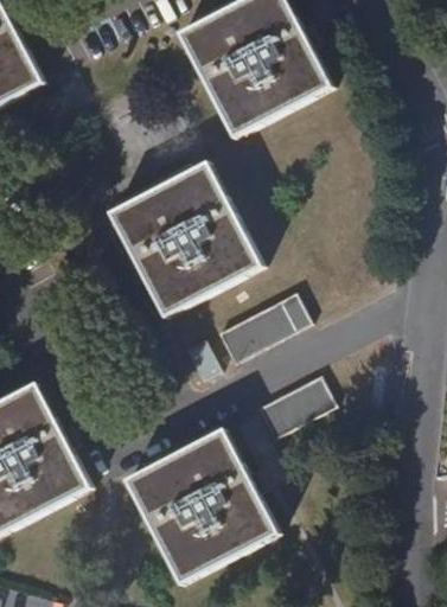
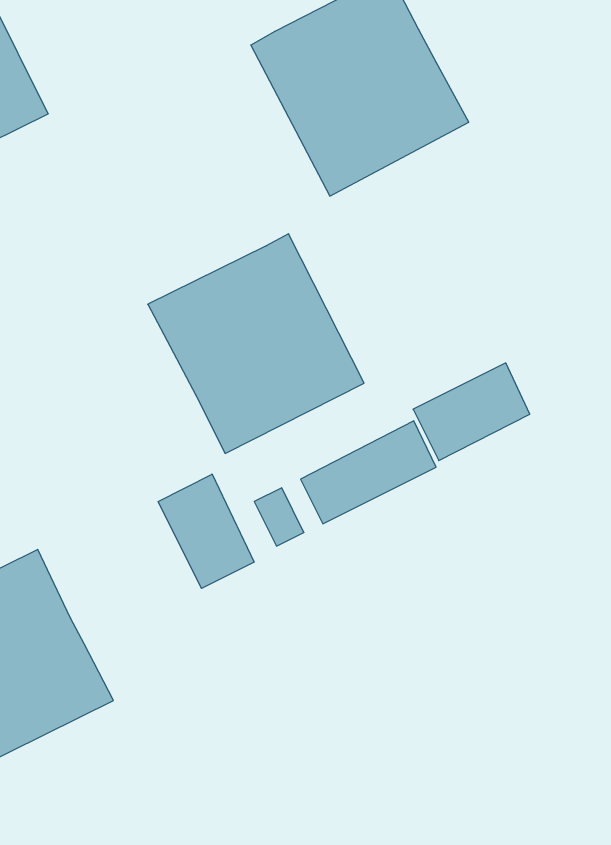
building: none -> [158,474,254,588]
building: [256,375,337,442] -> [413,363,530,461]
building: [127,428,277,579] -> none

